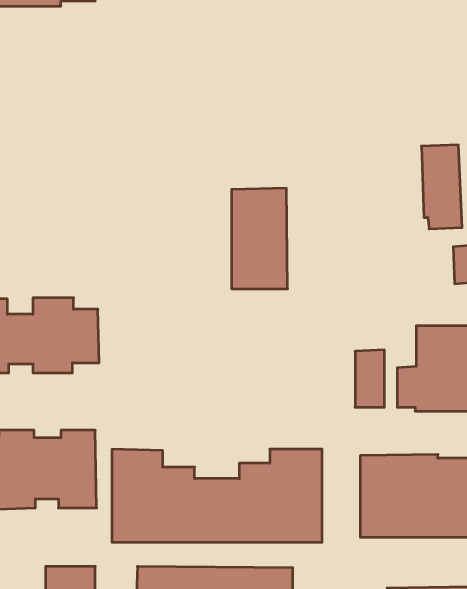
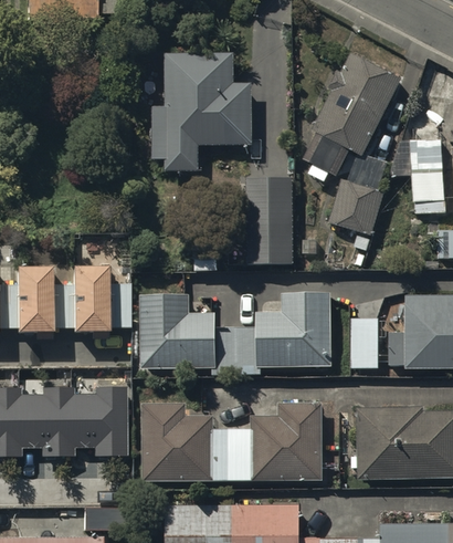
building: none -> [152,52,251,173]
building: none -> [302,53,399,185]
building: none -> [327,178,383,236]
building: none -> [141,293,330,375]

